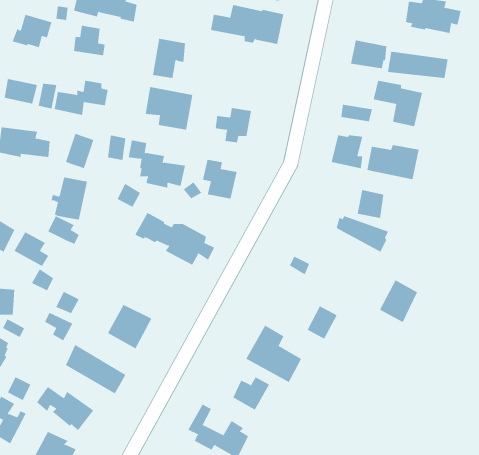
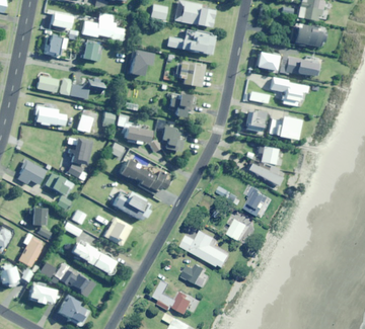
building: [145,87,193,130] -> [174,59,205,86]
building: none -> [113,190,148,220]
building: [379,279,418,323] -> [244,188,269,216]

